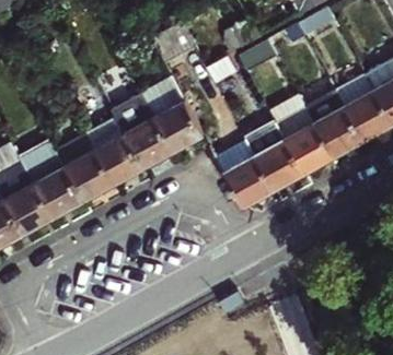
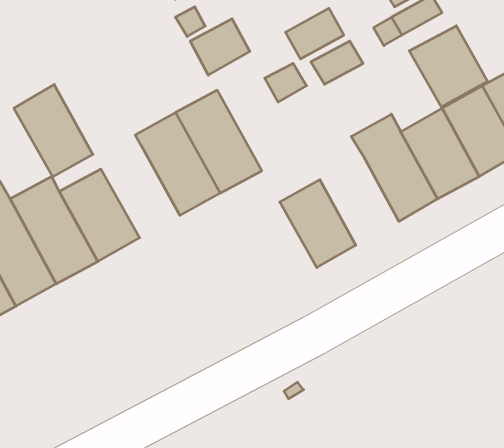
building: none -> [409,26,487,107]
building: [82,118,140,186] -> [14,84,93,177]
building: [243,126,301,191] -> none

